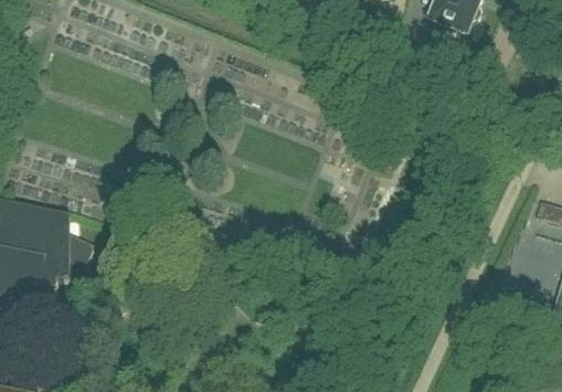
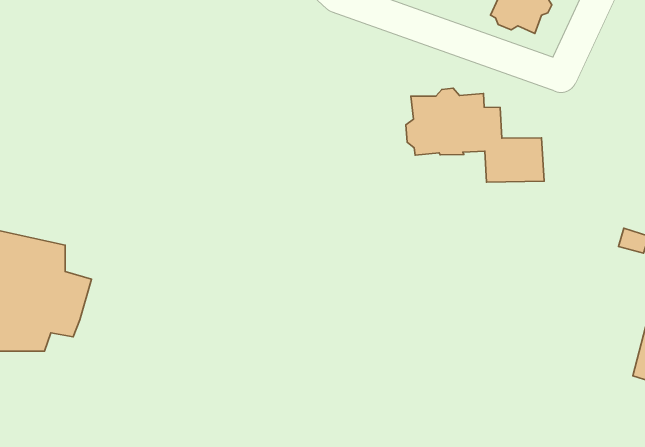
building: none -> [406,88,544,182]

